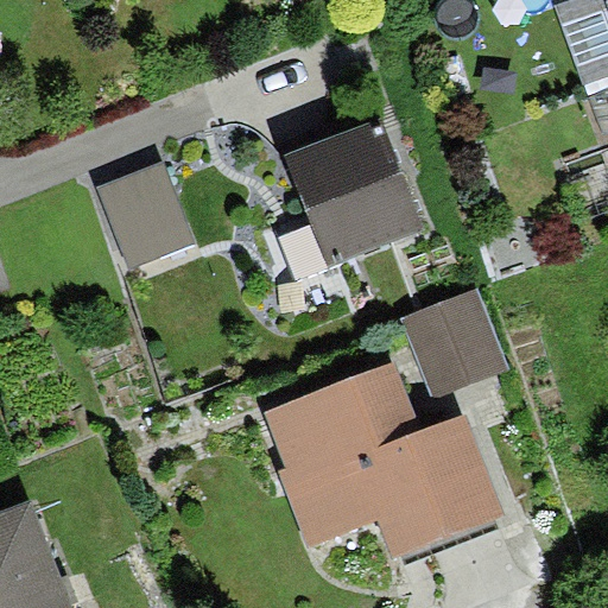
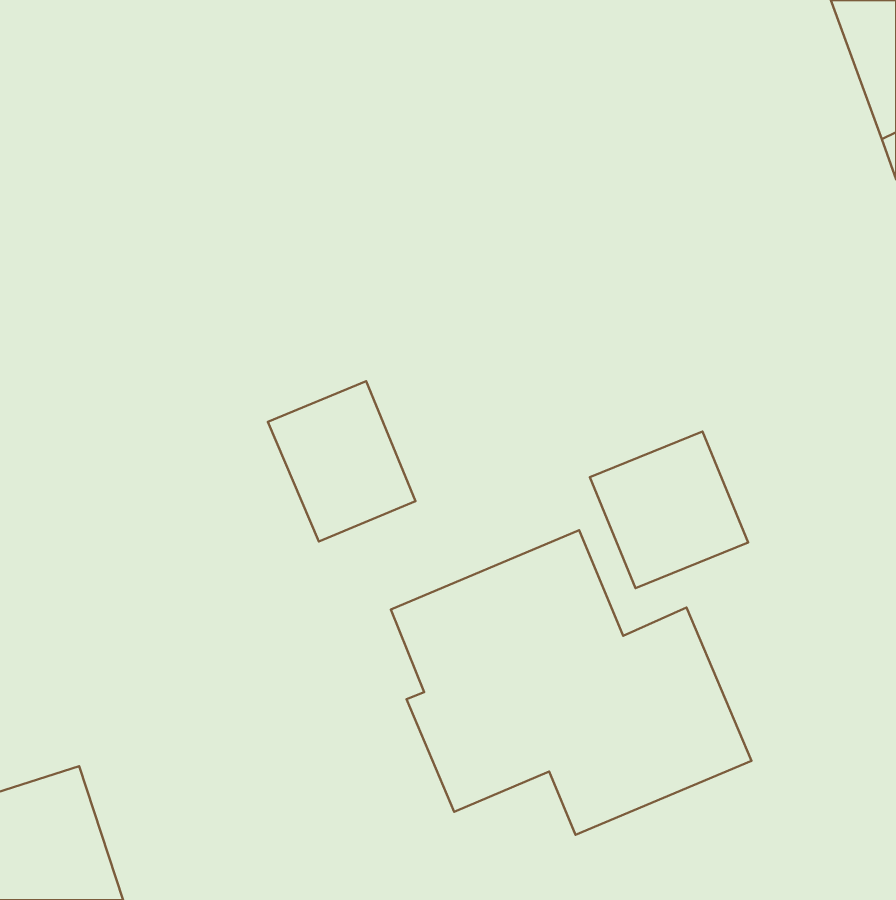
building: [283,119,424,268] -> none
building: [95,160,195,268] -> [268,381,416,542]

